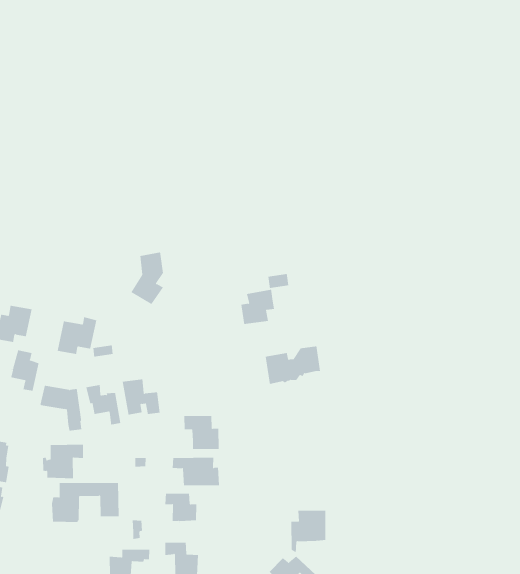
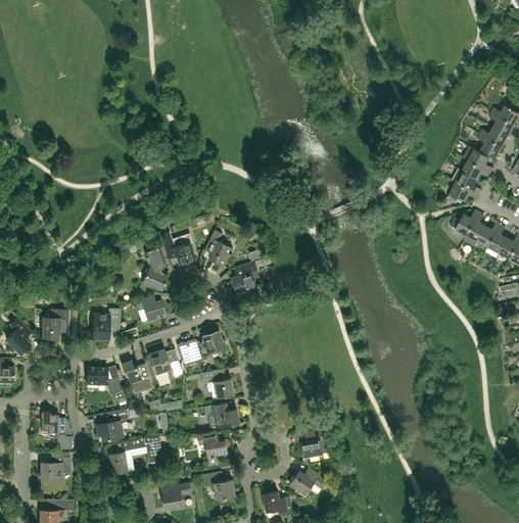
building: none -> [160,231,195,265]
building: none -> [204,230,233,267]
building: none -> [136,295,166,322]
building: [265,346,321,384] -> [178,330,224,367]
building: [11,349,39,391] -> none

